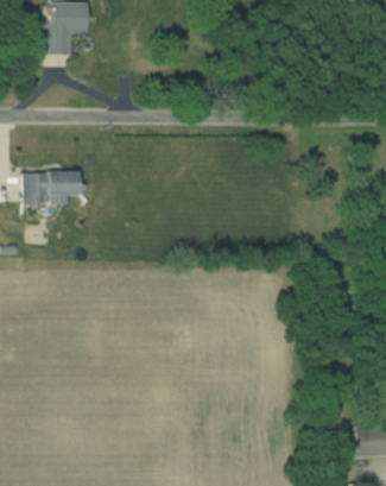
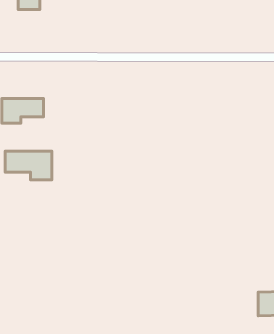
building: none -> [5,151,52,180]

